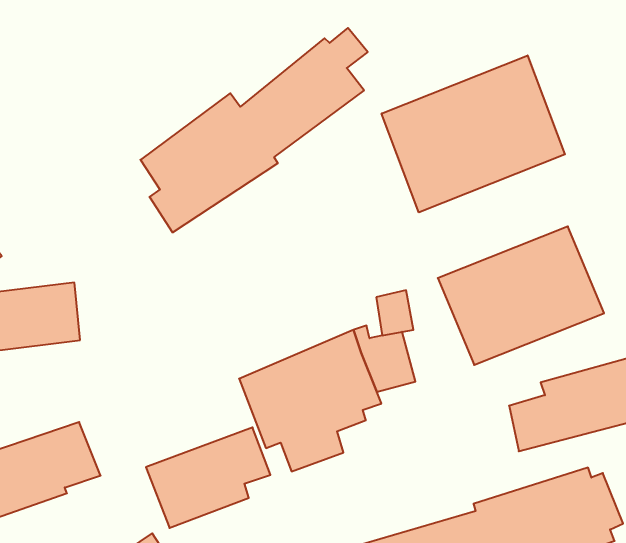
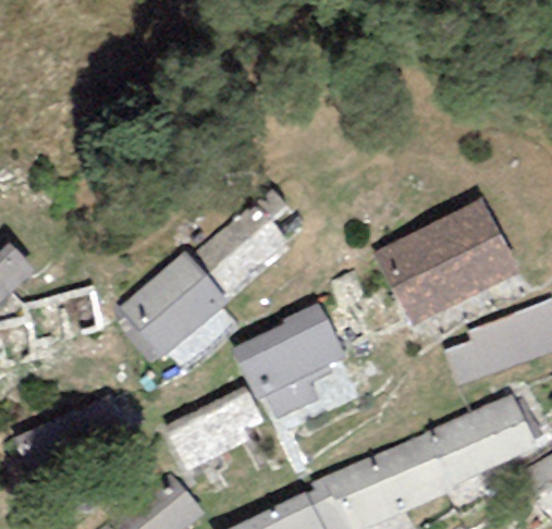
building: [140,28,368,232] -> [119,192,289,365]
building: [382,55,565,212] -> none

